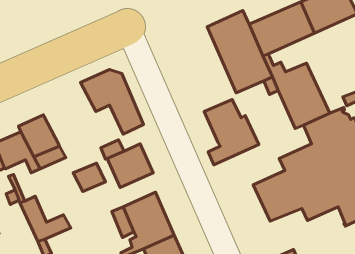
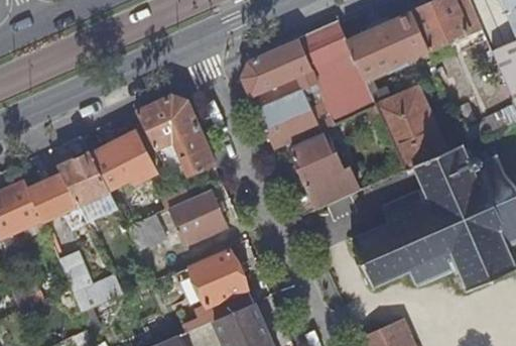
building: none -> [241,42,331,150]
building: none -> [91,132,156,190]

